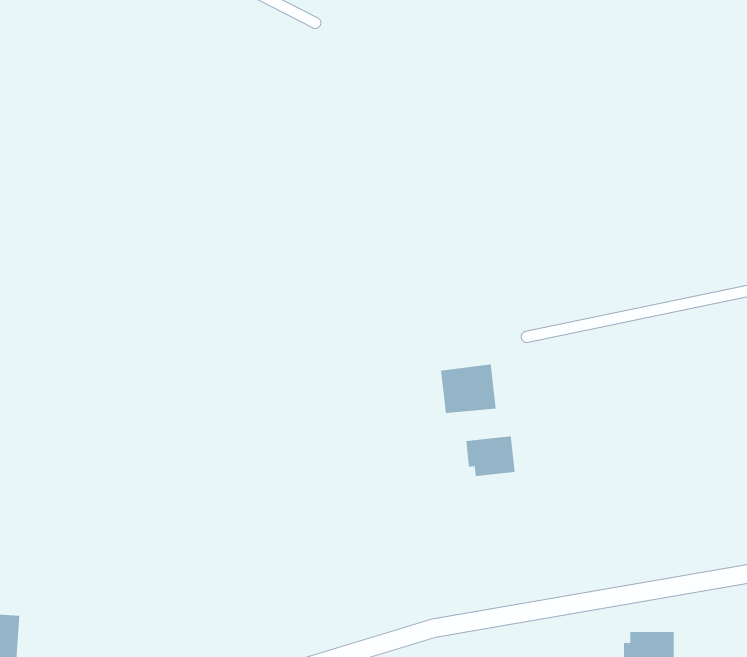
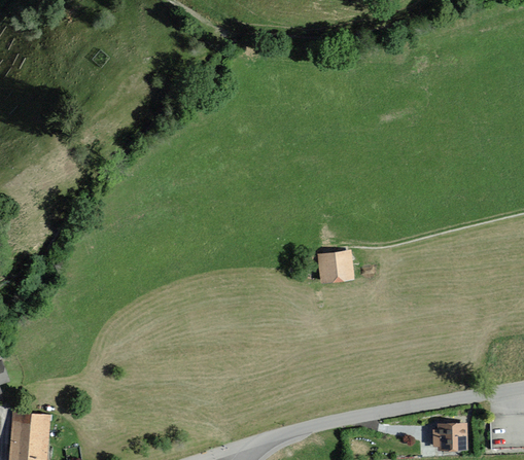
building: [466,436,515,477] -> none

